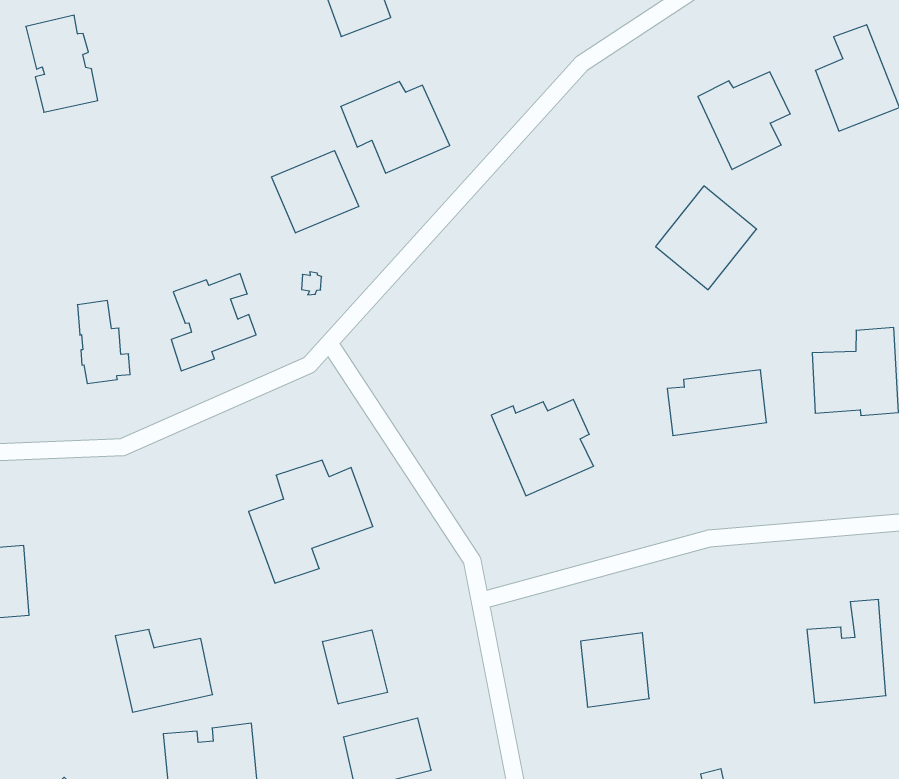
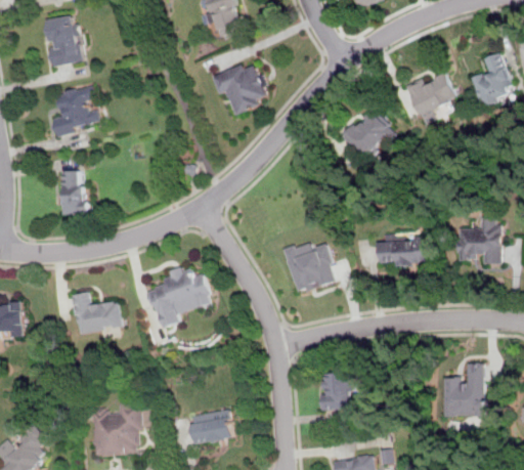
building: [271,151,359,233] -> none
building: [656,186,757,290] -> [341,106,396,163]
building: [171,274,256,371] -> [52,87,98,137]
building: [115,629,213,712] -> [72,292,122,336]
building: [323,630,387,704] -> none

